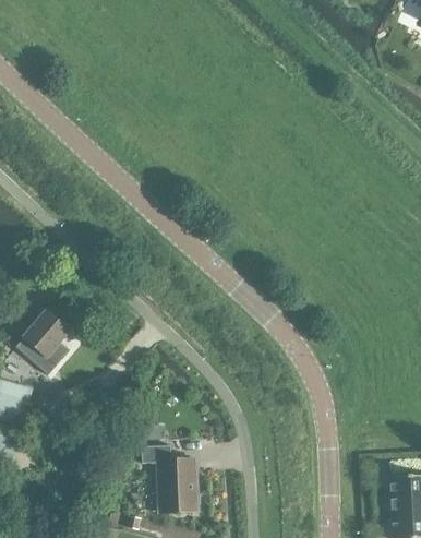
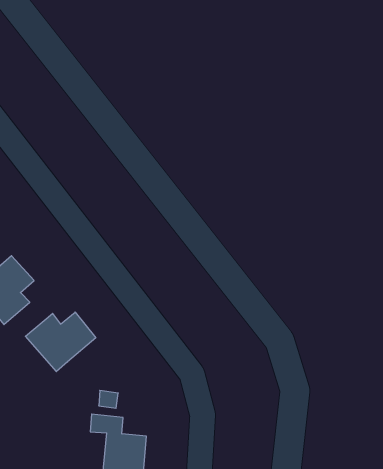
building: none -> [25,312,96,372]

